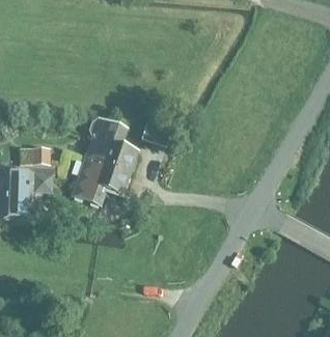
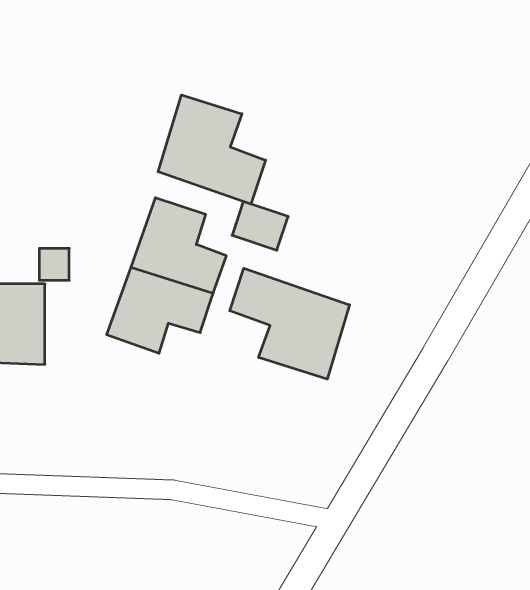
building: none -> [158,95,266,204]
building: none -> [230,268,350,379]

